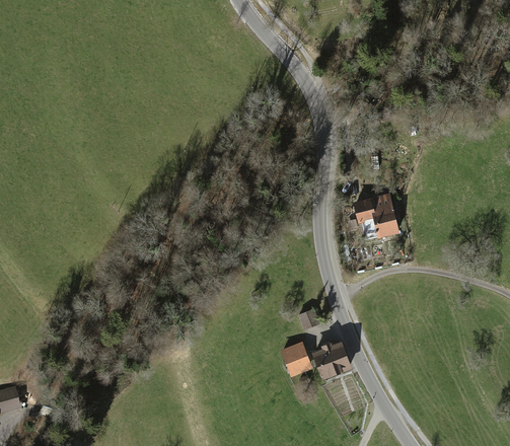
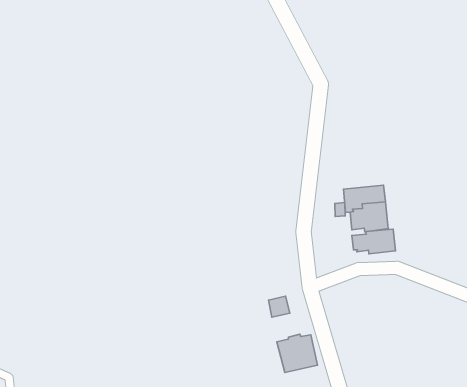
building: none -> [352,229,395,254]
building: [280,342,312,377] -> none

